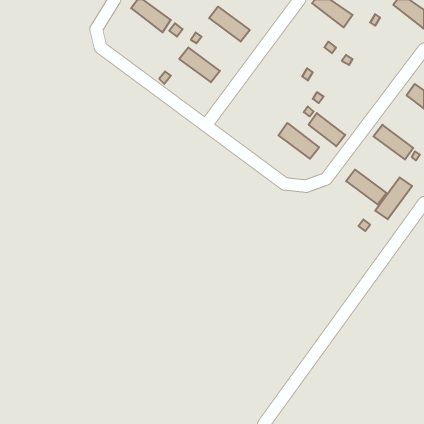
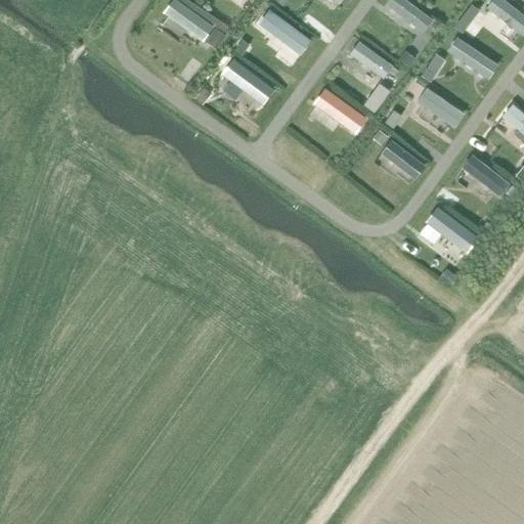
building: none -> [447,37,497,81]
building: none -> [346,38,396,81]
building: none -> [417,85,467,129]
building: [278,123,319,159] -> [315,87,365,131]
building: [375,177,412,219] -> none

